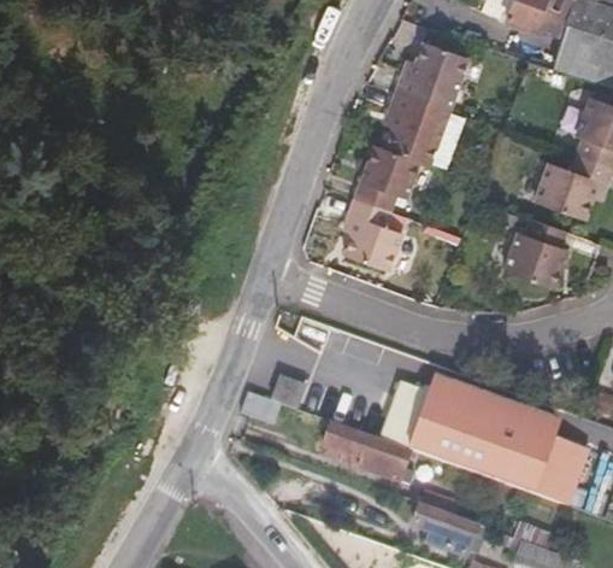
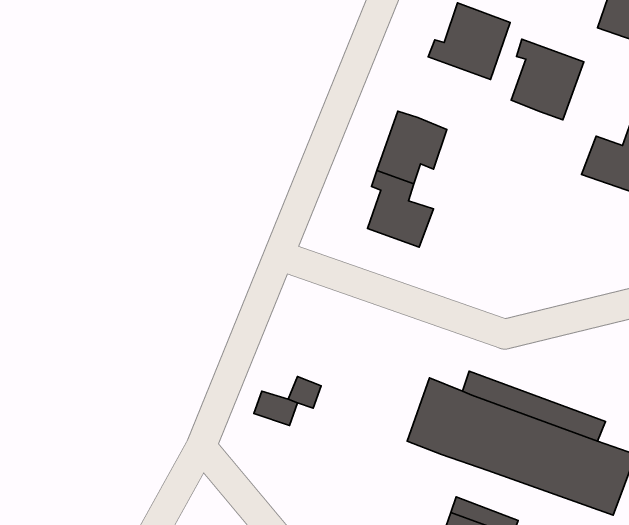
building: [389,88,455,162] -> [511,39,584,120]
building: [508,216,572,285] -> none
building: [320,423,414,487] -> none

